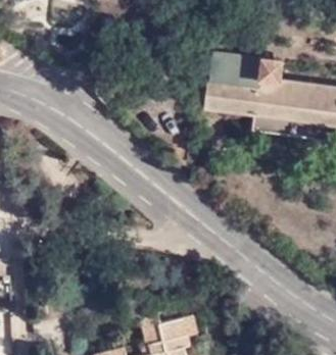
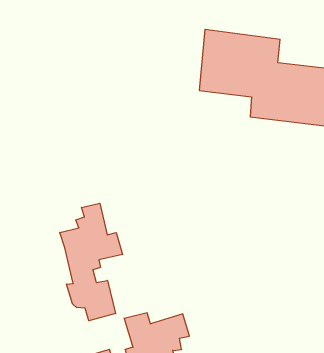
building: none -> [60,203,123,321]

